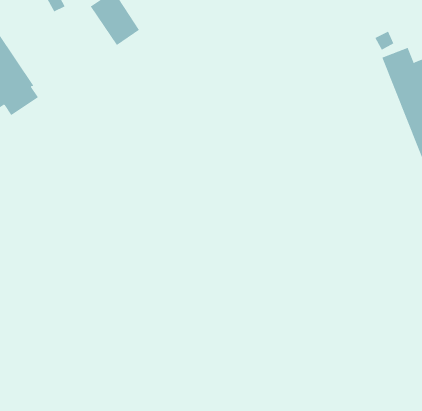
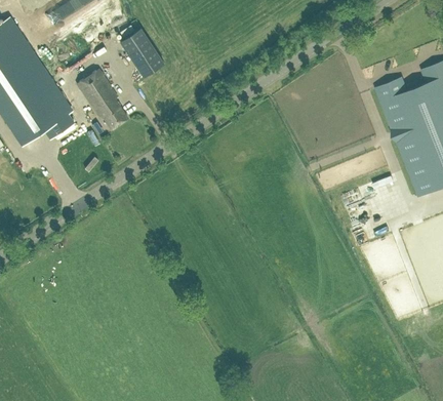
building: none -> [77,70,129,131]

